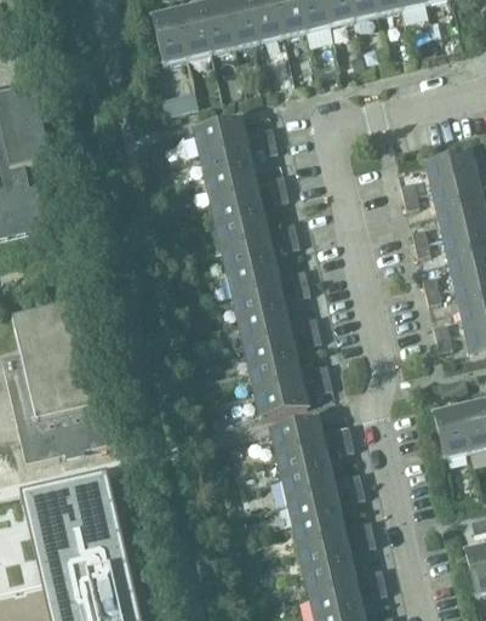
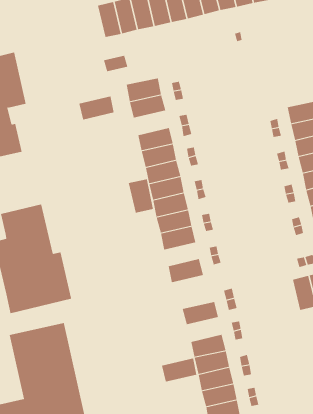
building: [206,169,258,204] -> [78,96,115,120]
building: none -> [128,179,153,214]
building: [250,359,302,393] -> none
building: [271,420,324,455] -> none
building: [282,467,335,502] -> [161,358,197,382]

